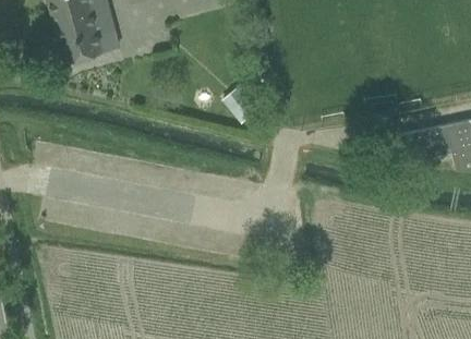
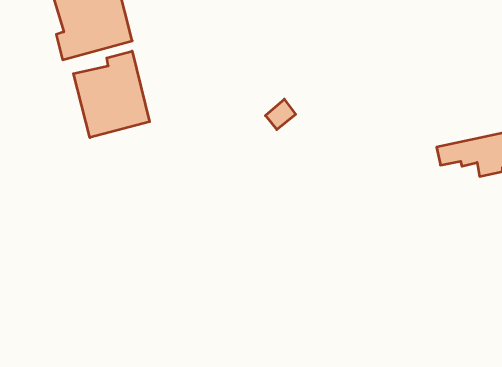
building: none -> [73,51,150,138]

